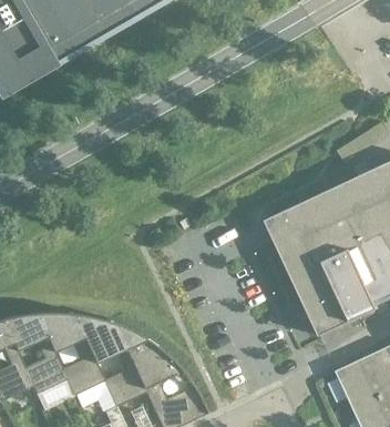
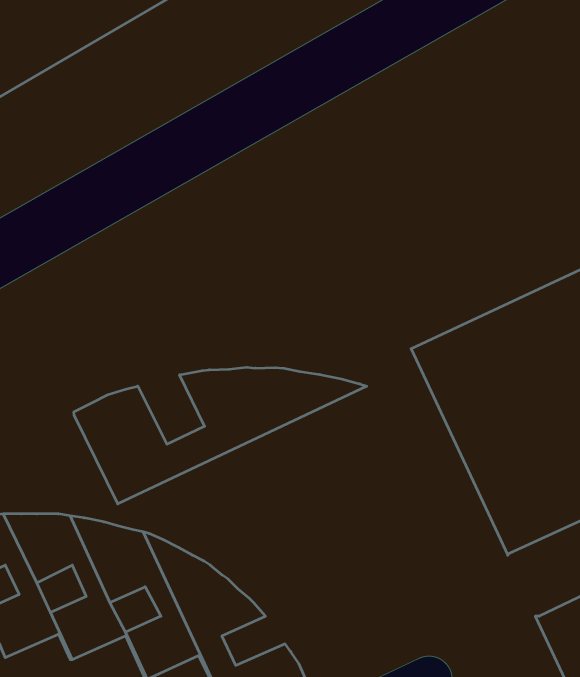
building: none -> [74,367,367,504]

